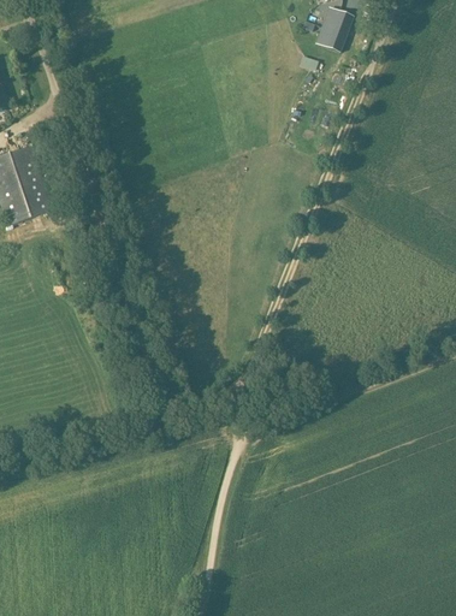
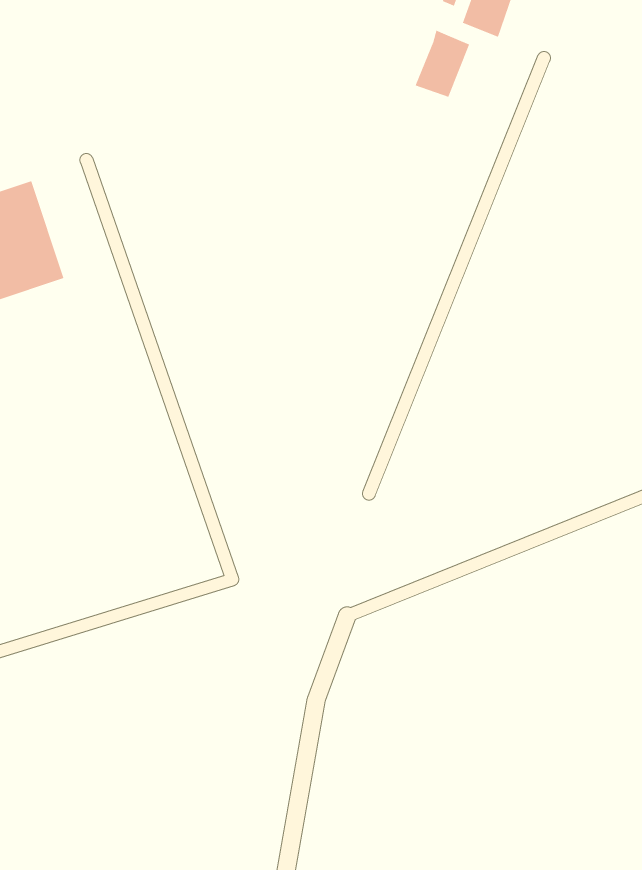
building: none -> [415,29,470,98]

